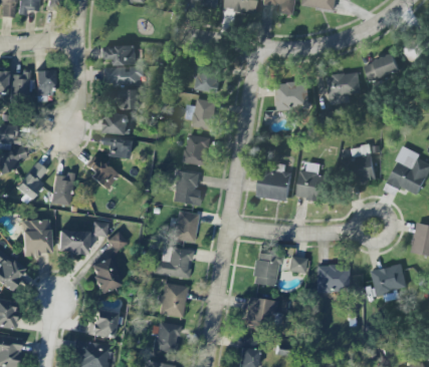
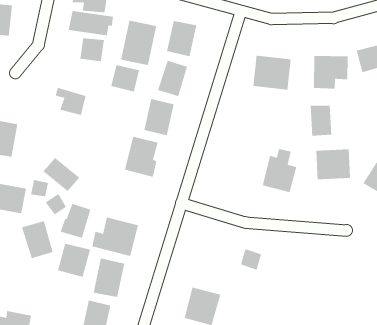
building: none -> [121,20,157,66]
building: [104,112,129,134] -> [110,65,140,92]
building: none -> [310,105,332,137]
building: [84,157,119,187] -> [43,157,80,192]
building: [257,168,291,202] -> none
building: [172,212,197,242] -> [60,203,91,239]
building: [253,252,283,286] -> none
building: [372,264,407,294] -> none
building: [316,266,348,293] -> none
building: [89,310,117,338] -> [57,243,91,278]

